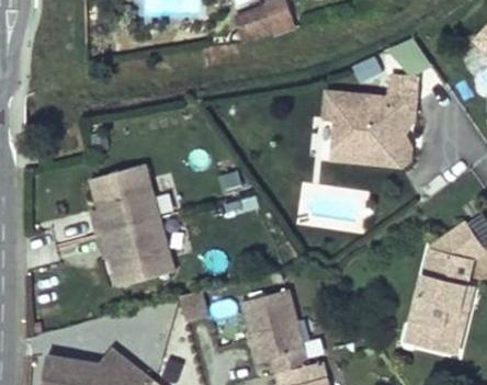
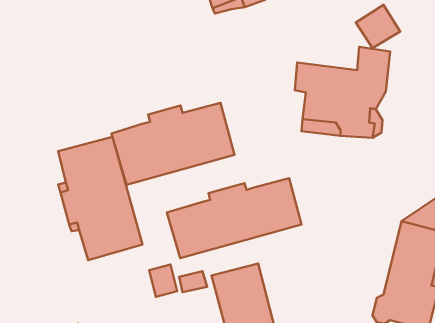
building: none -> [112,103,235,185]
building: none -> [167,178,302,258]

